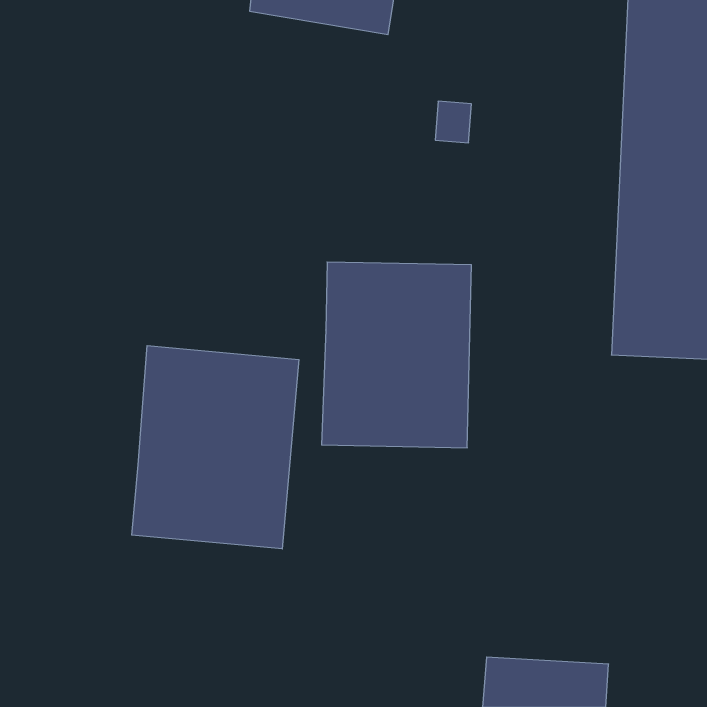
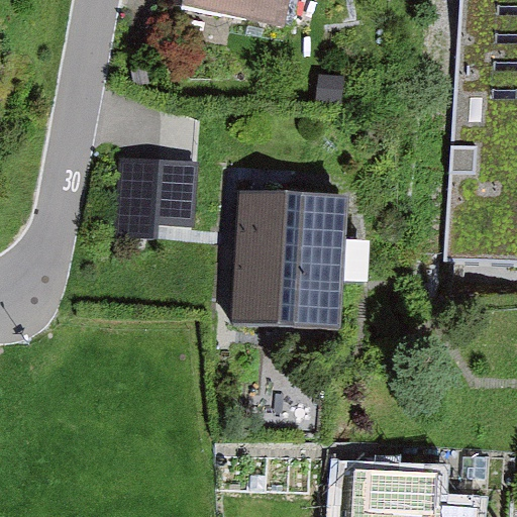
building: none -> [118,157,201,240]
building: [132,346,299,549] -> none

